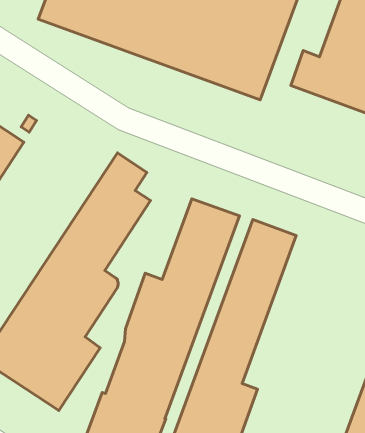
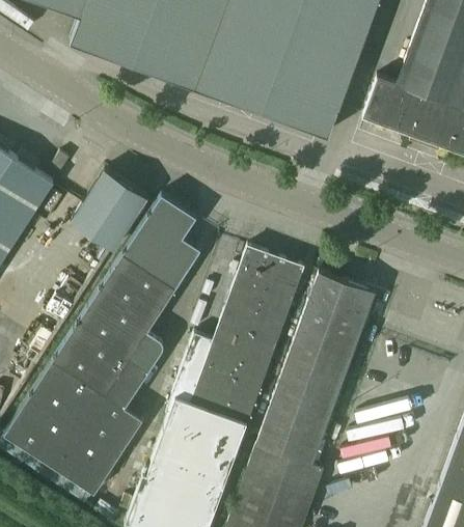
building: none -> [76,163,152,245]

